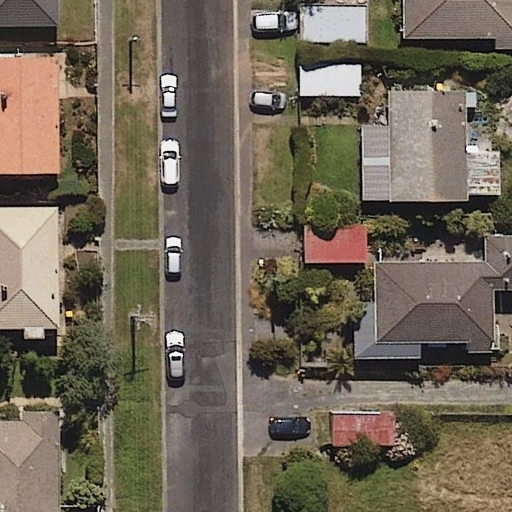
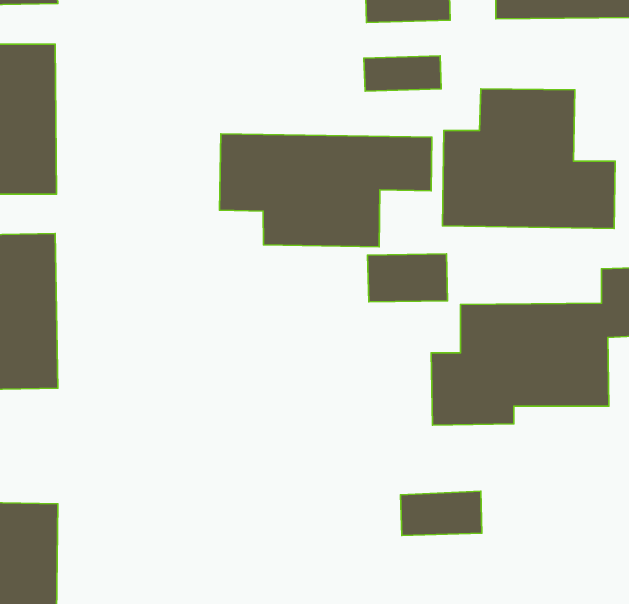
building: none -> [220,134,432,247]

